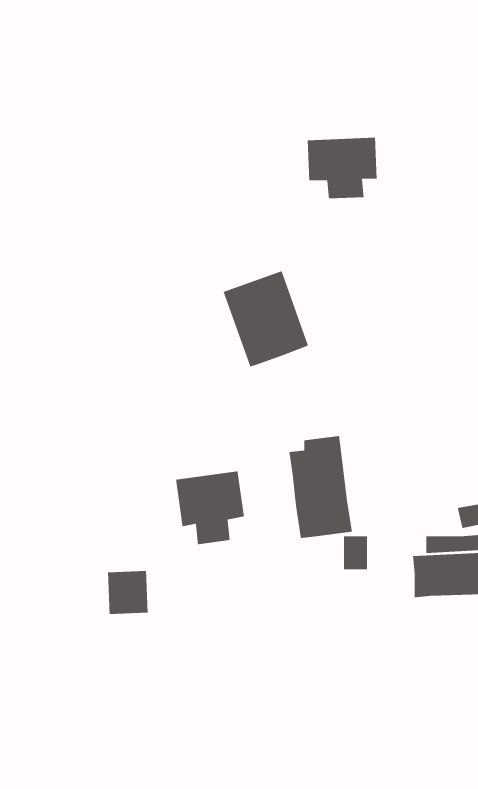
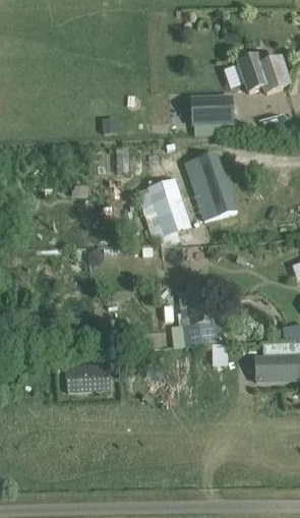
building: none -> [239,56,290,93]
building: none -> [186,152,235,220]
building: [175,471,245,545] -> none

